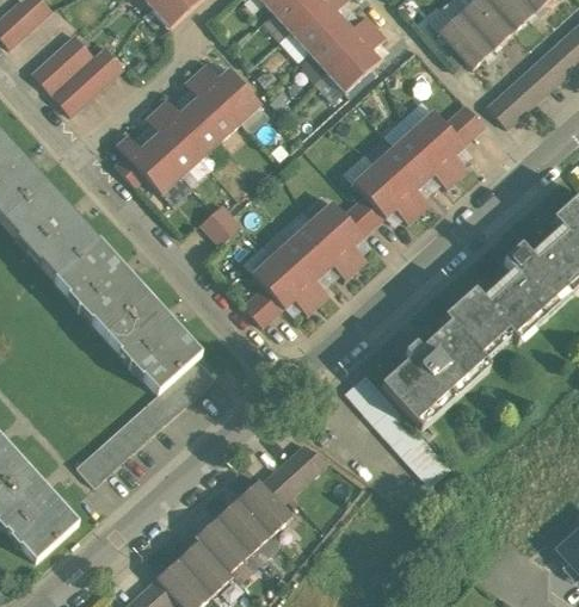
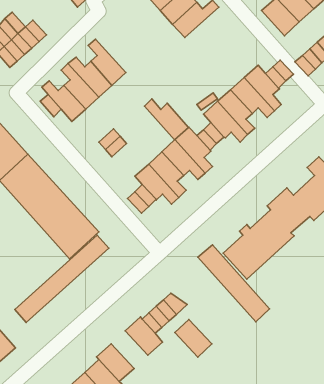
building: [326,25,386,91] -> none
building: [196,61,260,120] -> [144,99,189,140]
building: [218,497,272,552] -> [175,319,212,357]

